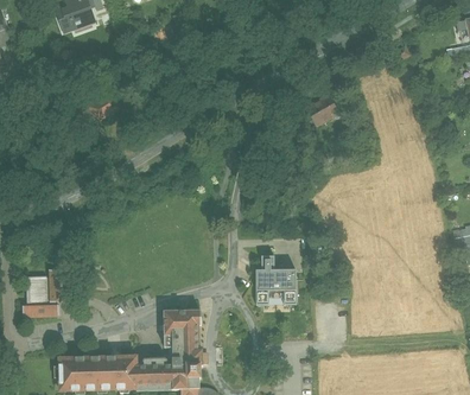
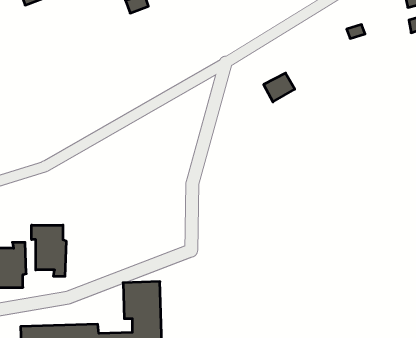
building: none -> [32,225,66,276]
building: [258,257,298,306] -> none

